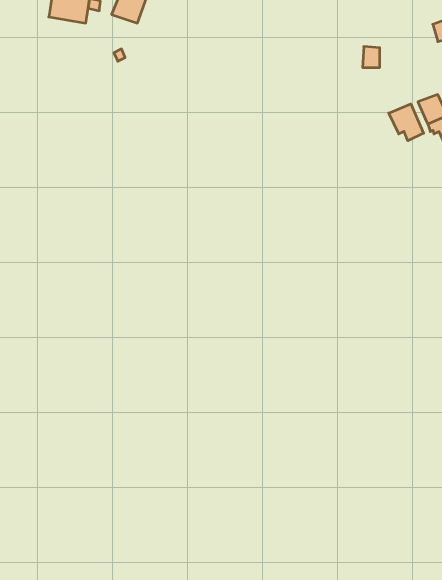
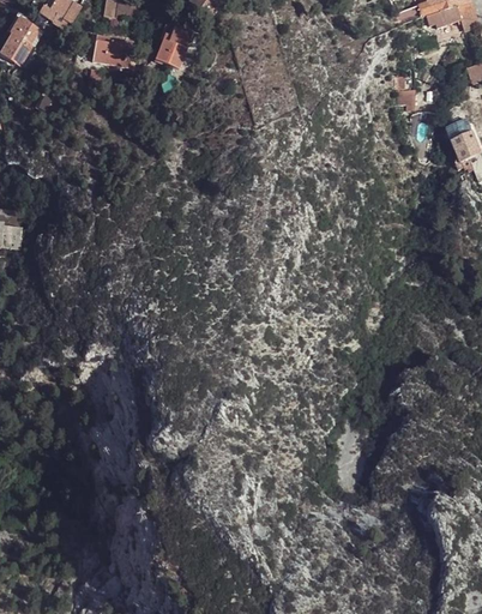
building: [389,104,424,141] -> none

